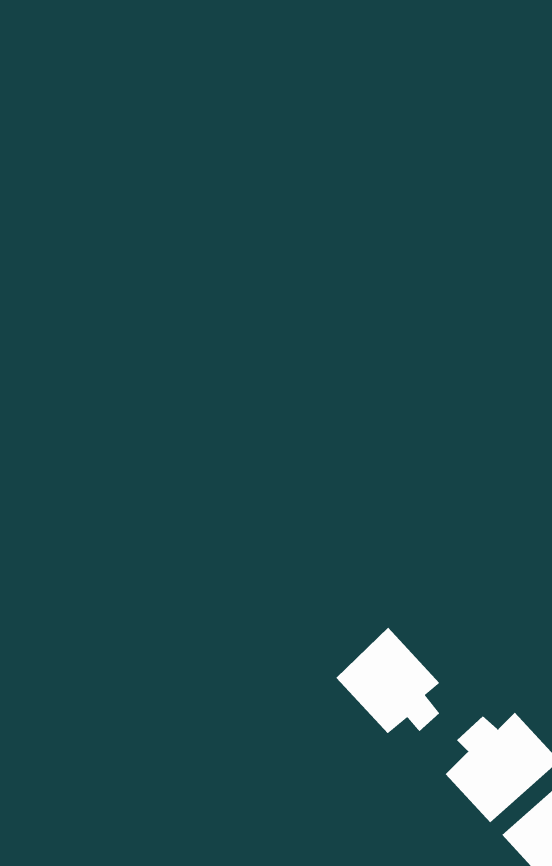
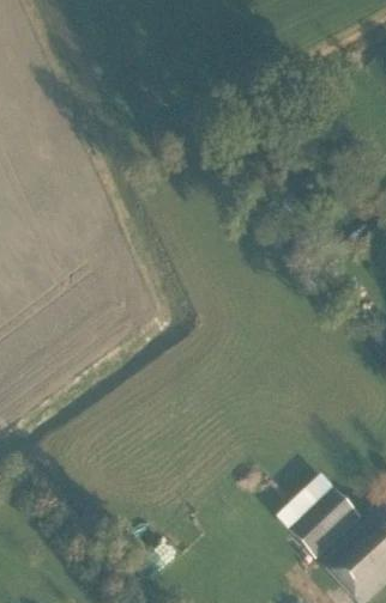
building: [336,627,440,734] -> none

